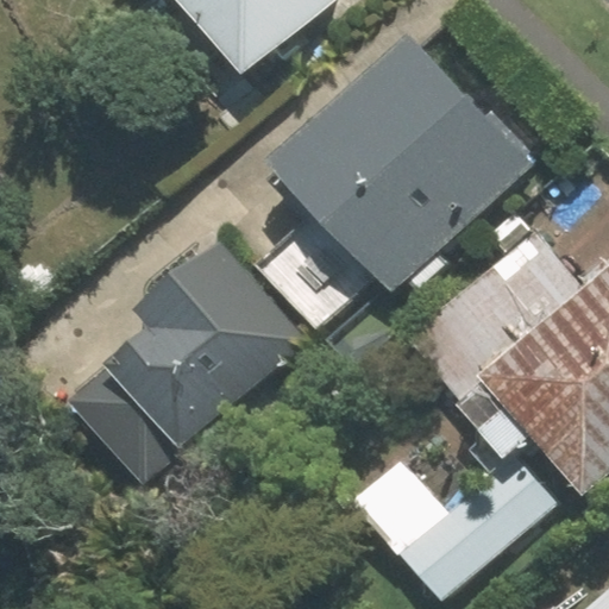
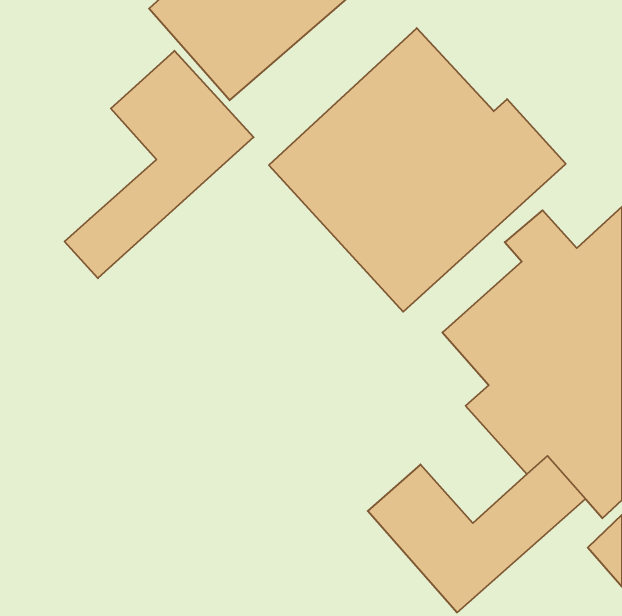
building: none -> [65,51,254,278]
building: [102,239,308,454] -> none

